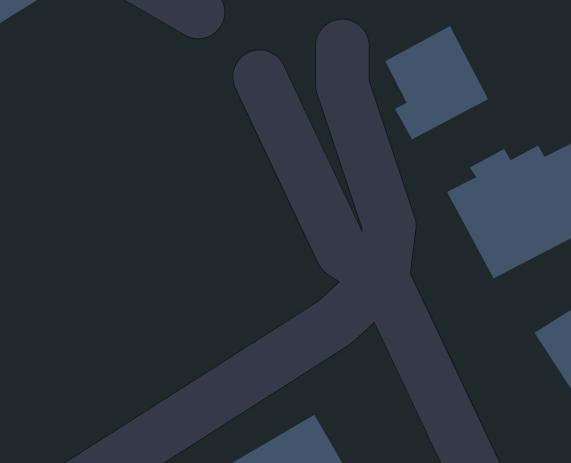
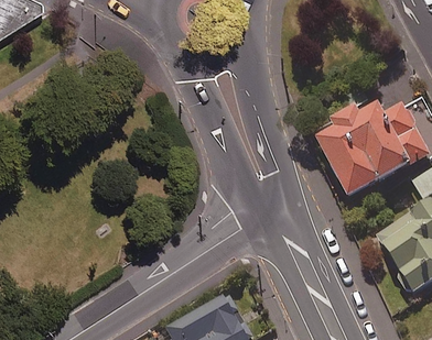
building: [384,25,489,140] -> none

